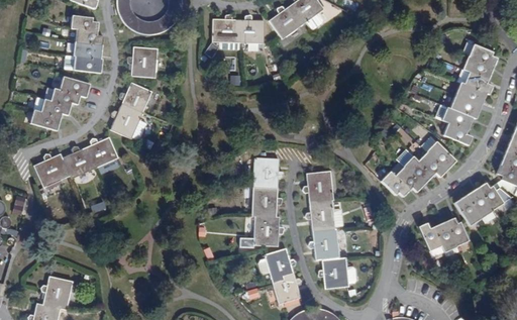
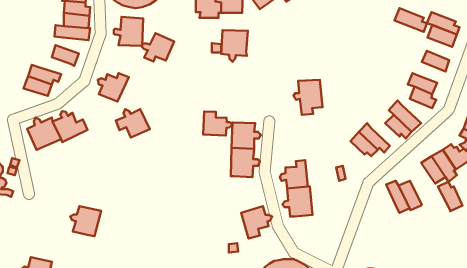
building: none -> [221,30,248,62]
building: [457,69,492,94] -> [395,8,427,32]
building: [117,82,151,112] -> [142,33,174,61]
building: [44,88,80,108] -> none
building: [451,95,482,118] -> none
building: [82,137,118,168] -> [116,109,150,138]
building: none -> [203,112,232,136]
building: [398,150,432,185] -> none
building: [301,171,332,208] -> [293,80,323,115]
building: [252,217,283,247] -> none
building: [443,217,470,248] -> [438,182,462,211]
building: [316,257,347,289] -> none
building: [271,271,302,306] -> none
building: [39,278,73,310] -> [70,206,101,236]

